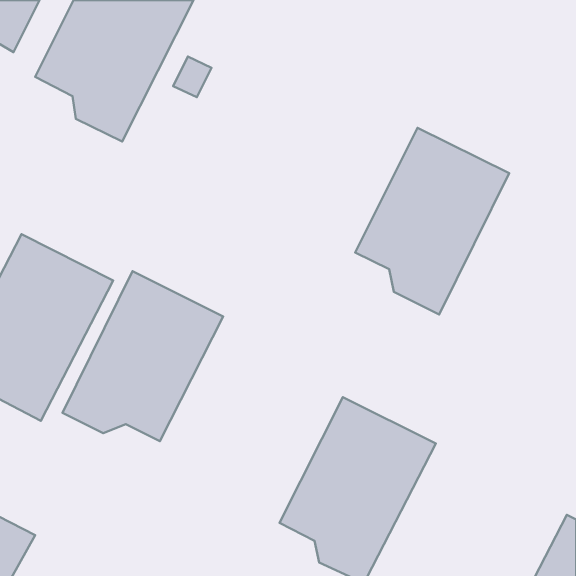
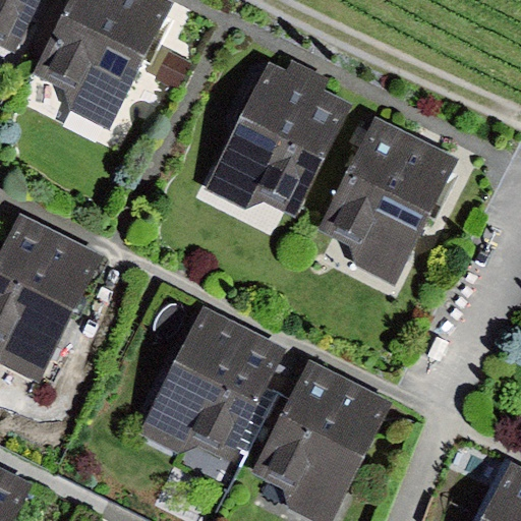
building: none -> [204,60,350,216]
building: [62,271,223,441] -> [139,307,284,460]

